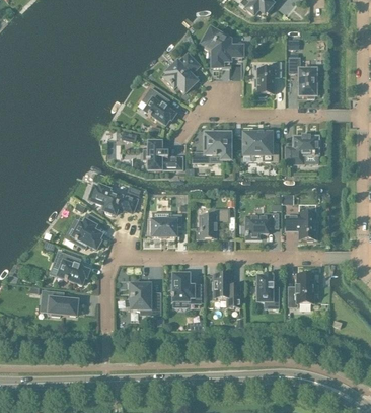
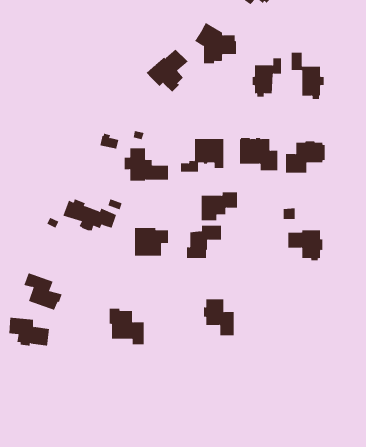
building: [144,86,174,124] -> none
building: [72,211,101,249] -> none
building: [245,212,278,237] -> [201,192,238,221]
building: [170,273,201,300] -> none
building: [255,273,279,307] -> none
building: [288,273,317,305] -> none

